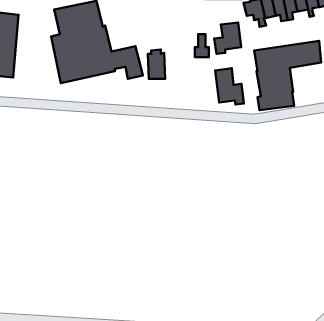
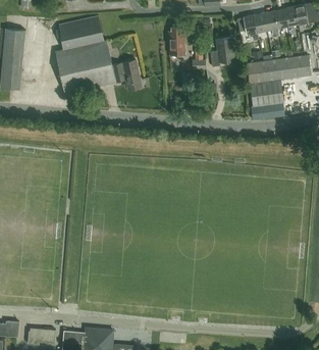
building: [148,49,165,79] -> [169,27,185,54]
building: [215,68,244,105] -> none

